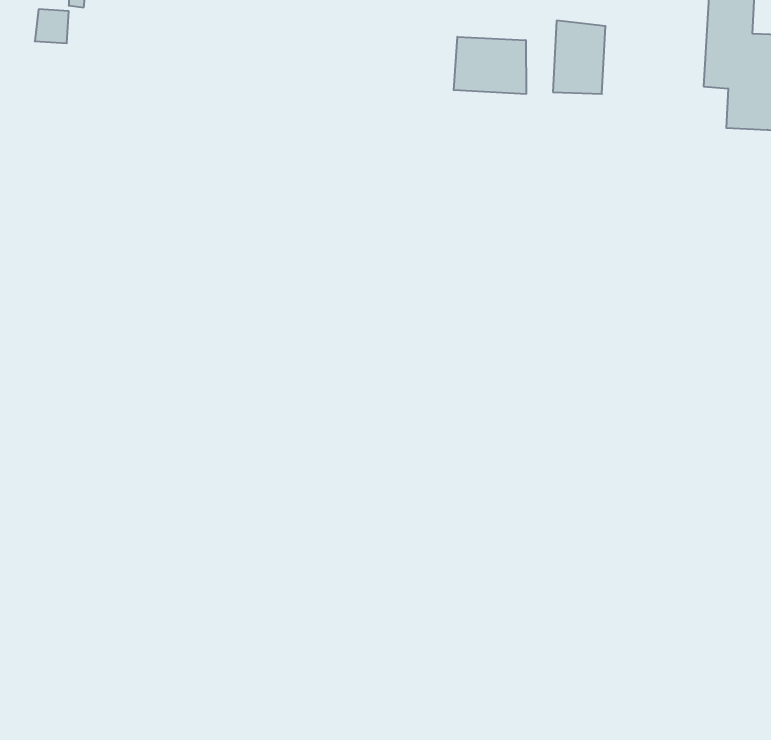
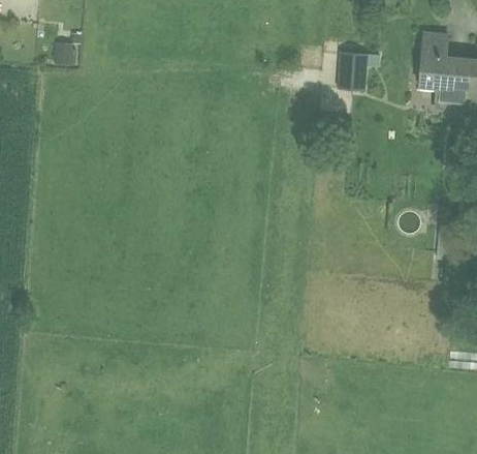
building: [454,37,526,94] -> none

